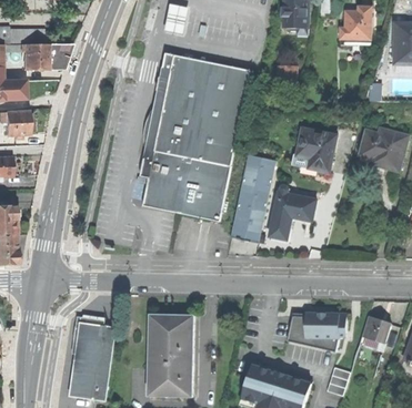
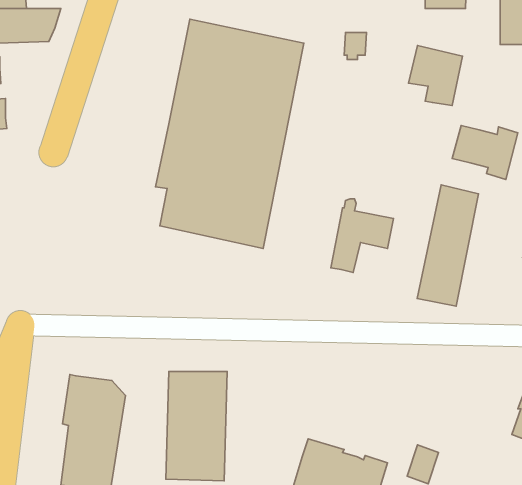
building: [297,128,336,172] -> [409,46,463,106]
building: [230,151,275,241] -> [417,185,479,306]
building: [359,312,391,347] -> none
building: [288,313,346,351] -> none

